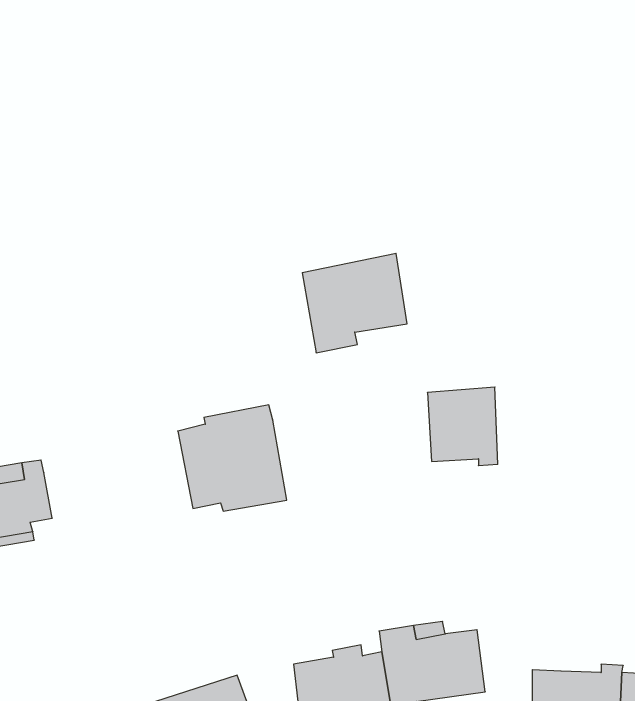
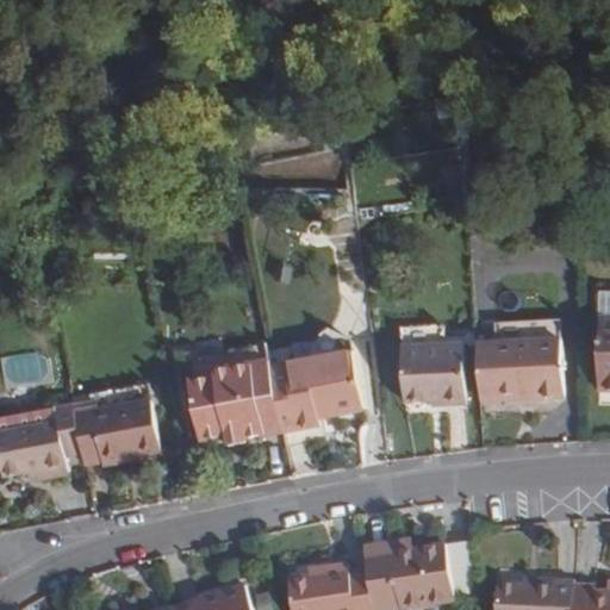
building: [302,253,407,353] -> [268,349,359,435]
building: none -> [475,335,558,397]
building: none -> [70,399,156,467]

